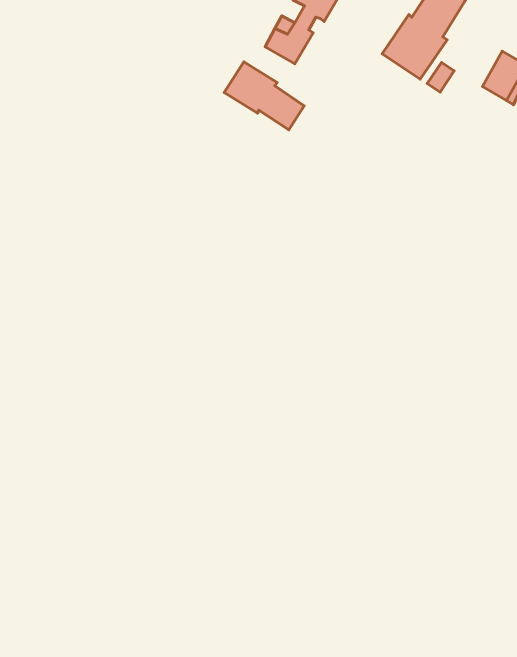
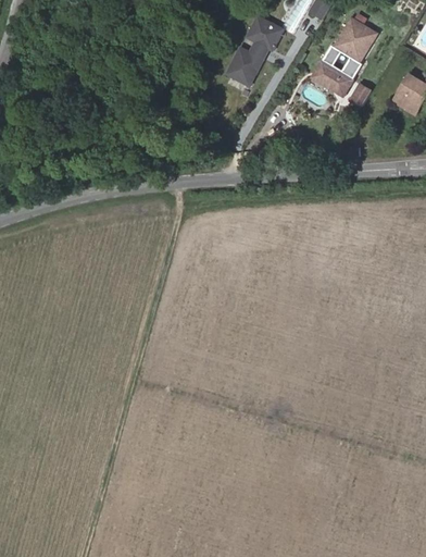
building: [224,62,304,130] -> none

